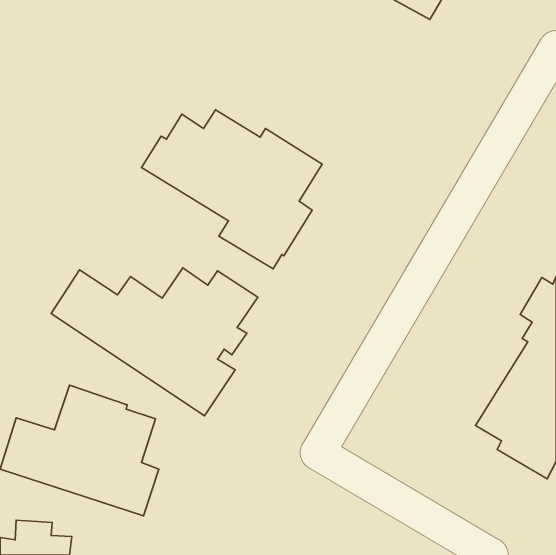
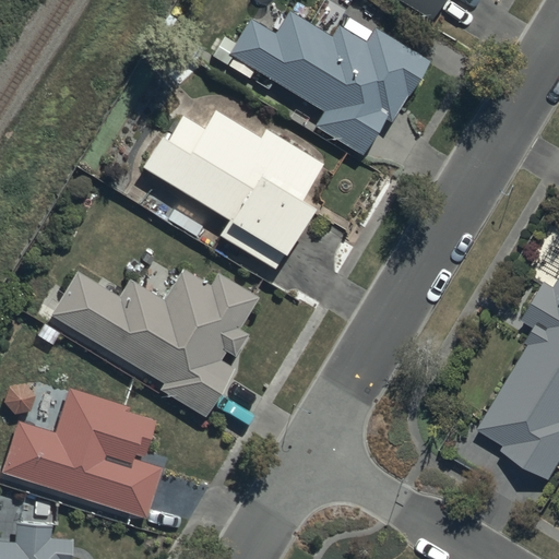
building: none -> [227,10,429,155]

